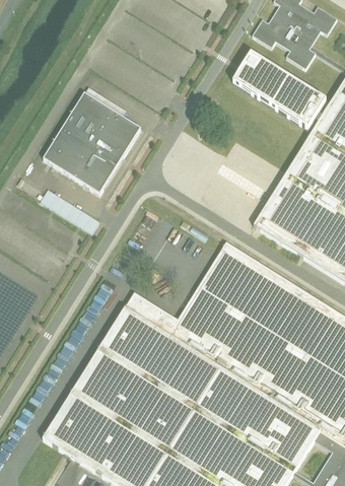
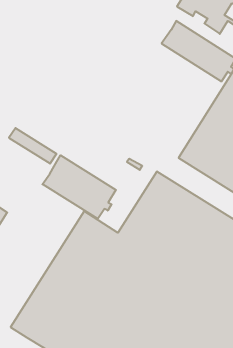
building: [43,93,141,195] -> none
building: none -> [42,155,116,219]

